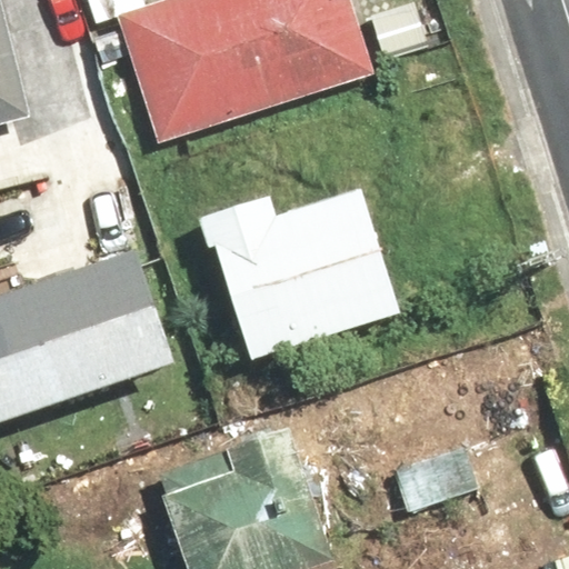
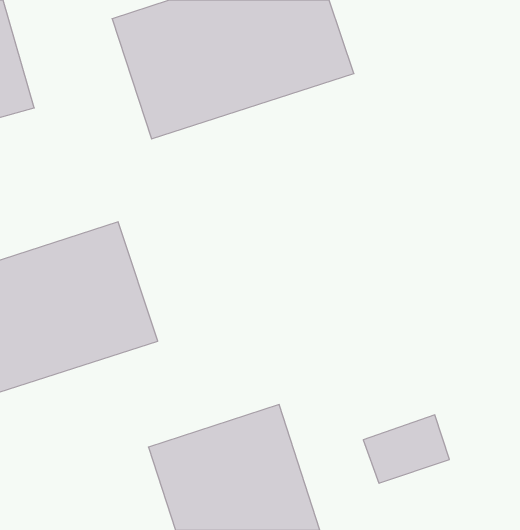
building: [191,184,390,360] -> none

